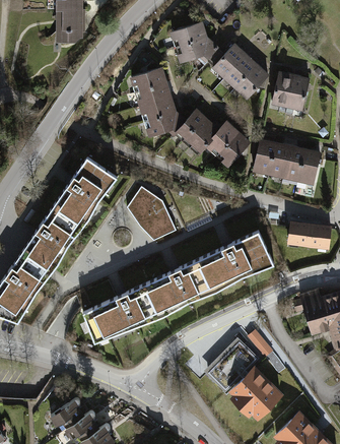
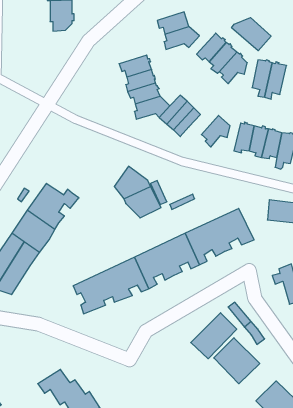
building: none -> [232,18,271,51]
building: [205,121,236,152] -> none
building: [54,157,117,216] -> none

